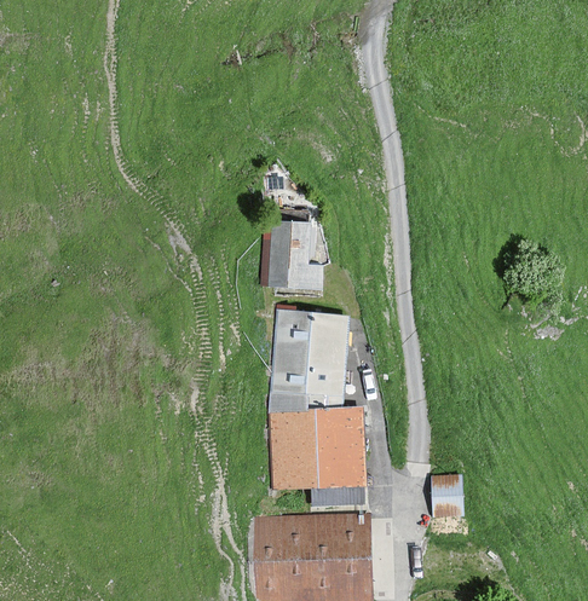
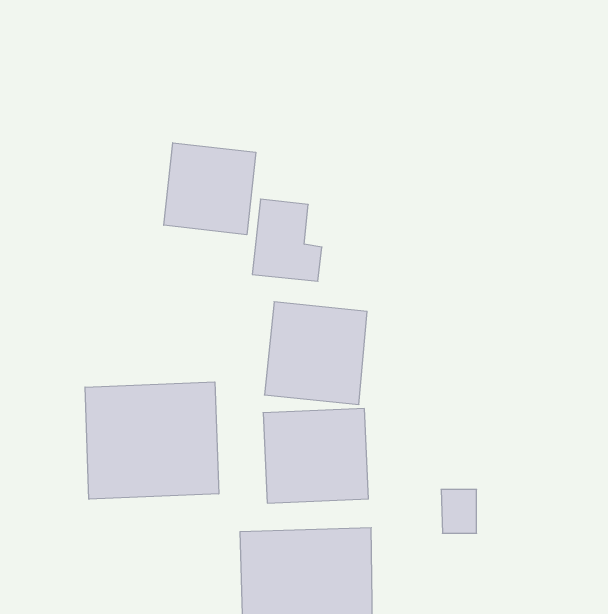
building: none -> [164,143,256,235]
building: none -> [85,382,219,499]

